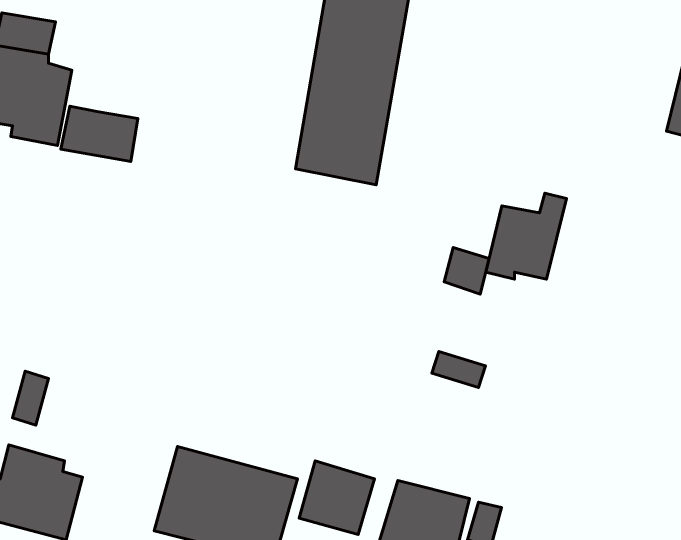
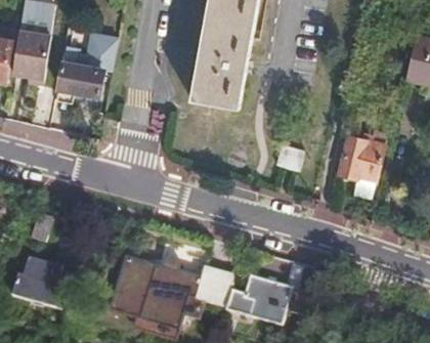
building: none -> [78,34,116,72]
building: [486,193,566,279] -> [340,129,386,178]

